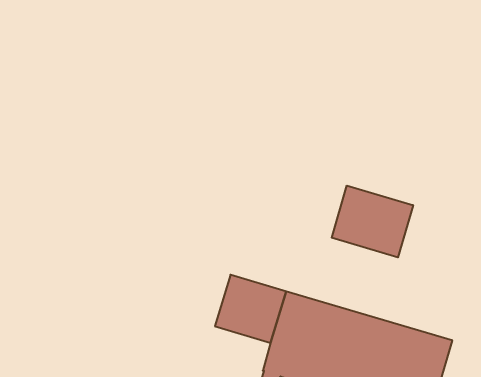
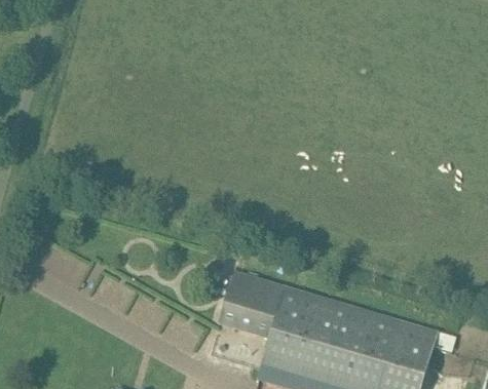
building: [332,186,413,257] -> none

